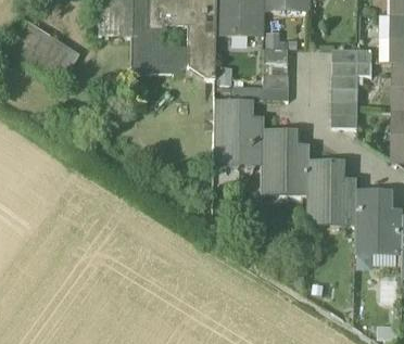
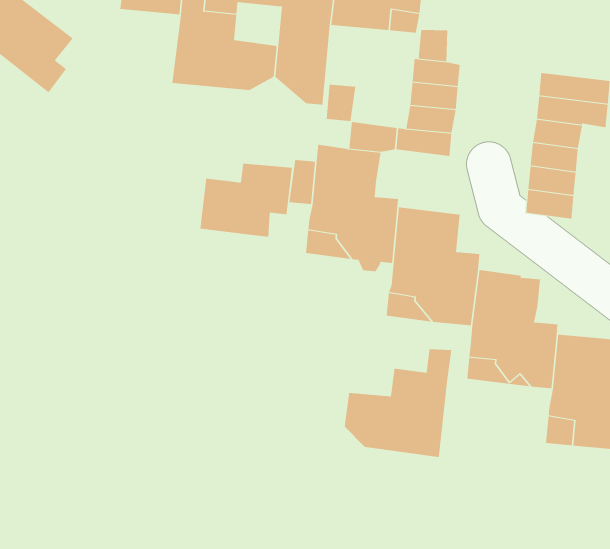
building: none -> [200,163,293,238]
building: none -> [344,348,452,458]

